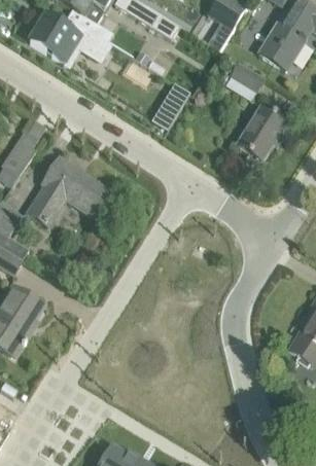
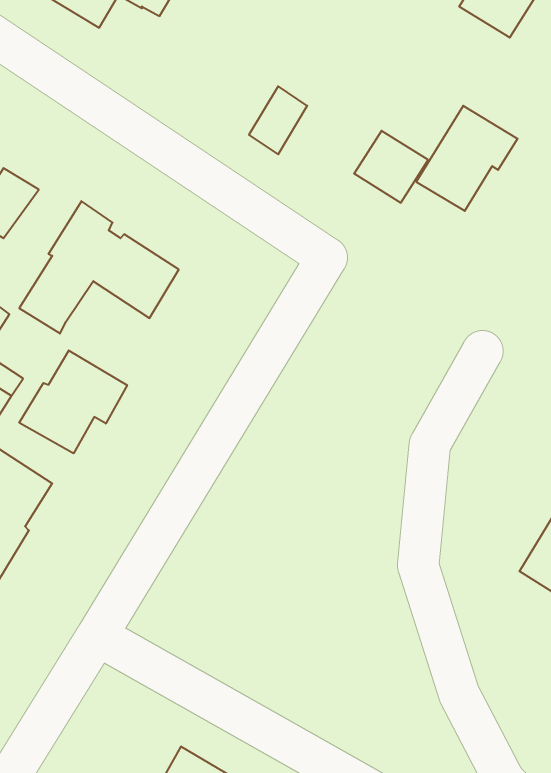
building: [224,62,264,100] -> [354,131,428,203]
building: none -> [19,350,127,453]

